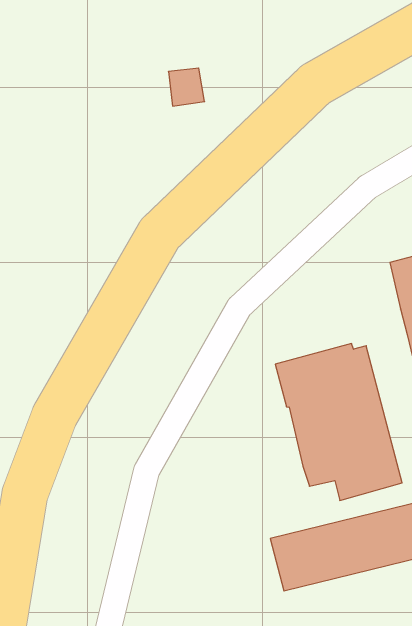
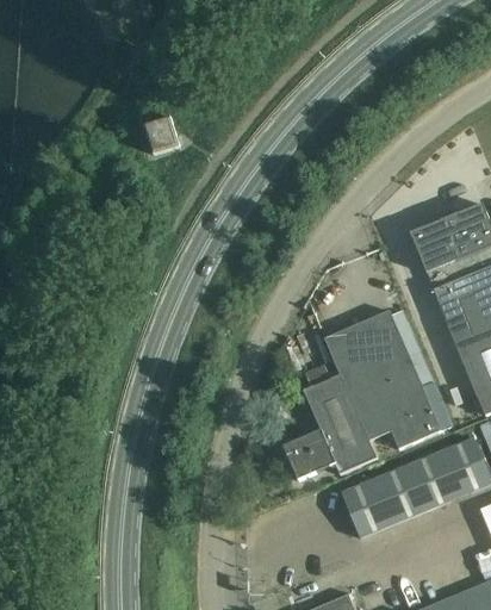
building: [168,68,205,106] -> [144,117,180,154]
building: none -> [284,338,378,480]

